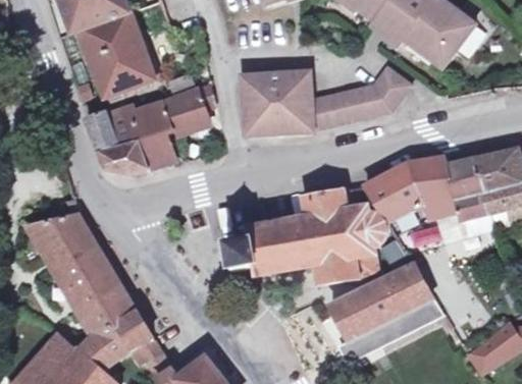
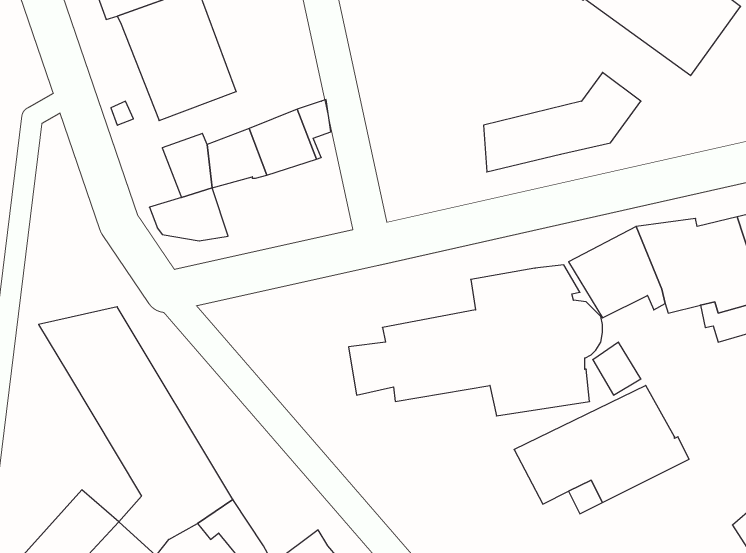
building: [242,70,313,133] -> none
building: [86,110,119,151] -> none
building: [139,131,176,169] -> none

